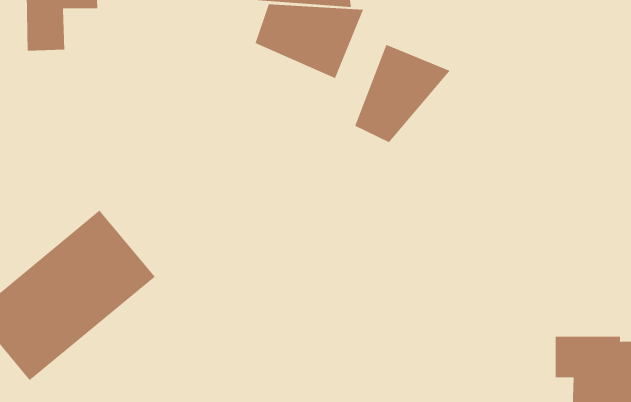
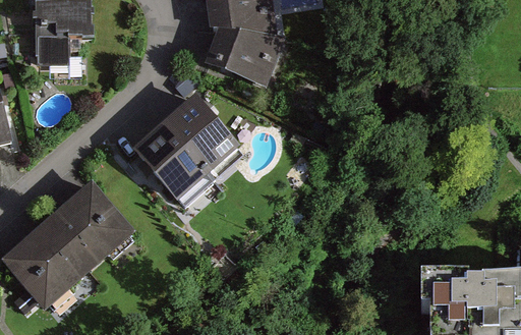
building: [354,44,451,143] -> none
building: none -> [132,91,243,199]

